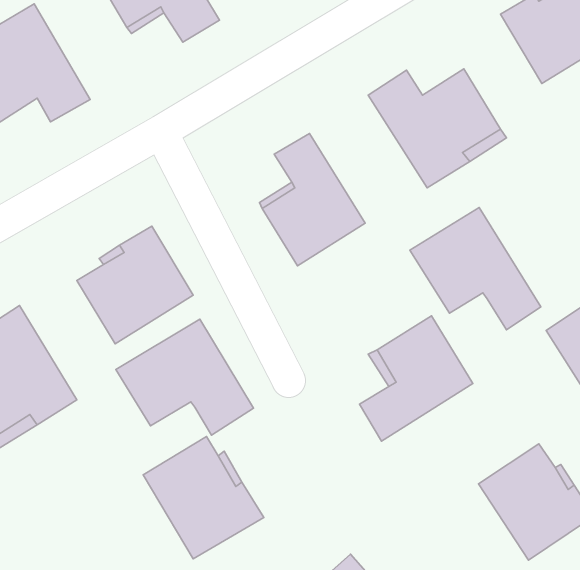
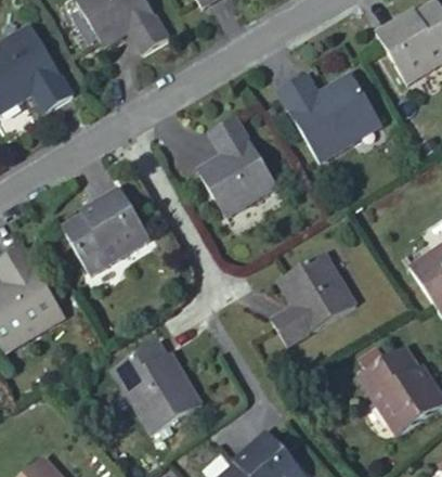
building: [410,208,541,330] -> none
building: [116,319,254,435] -> none

